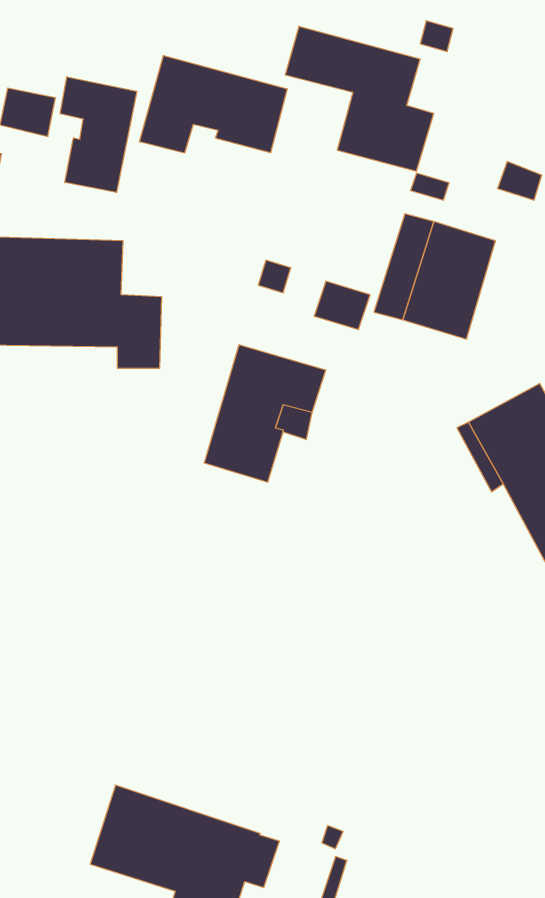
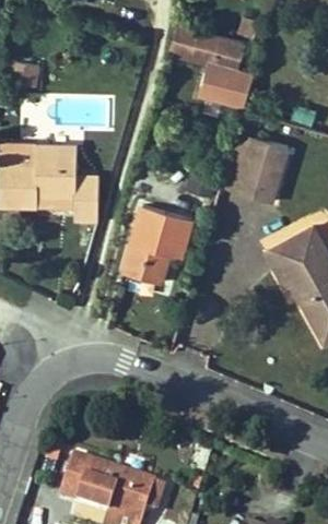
building: [139,55,287,153] -> none
building: [60,77,137,193] -> none

